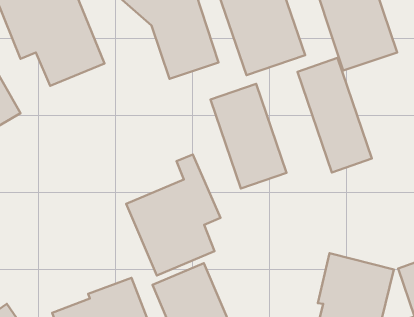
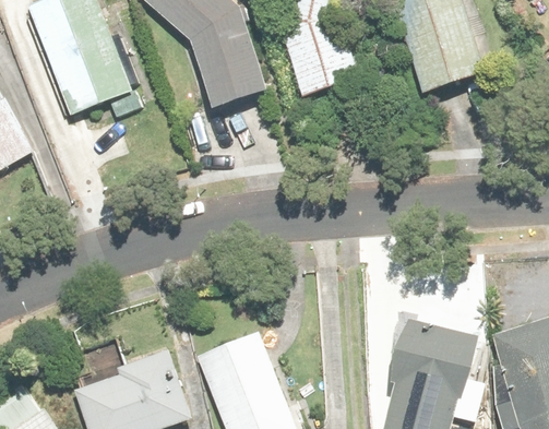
building: [297,58,372,173] -> none
building: [210,84,287,189] -> none
building: [126,154,221,275] -> none

